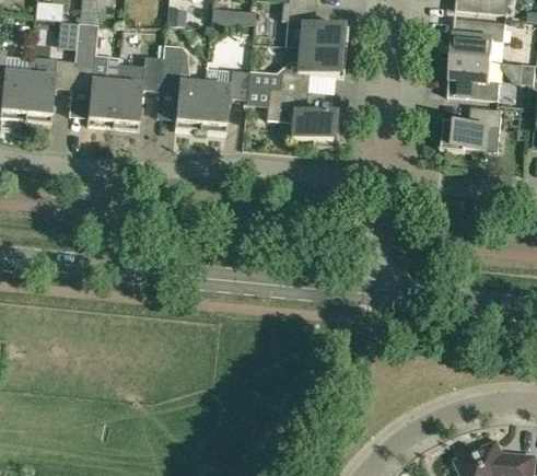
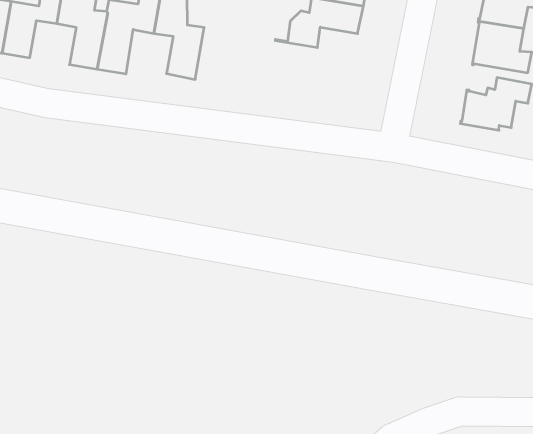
building: [200,66,249,130] -> none
building: [266,88,339,146] -> none

